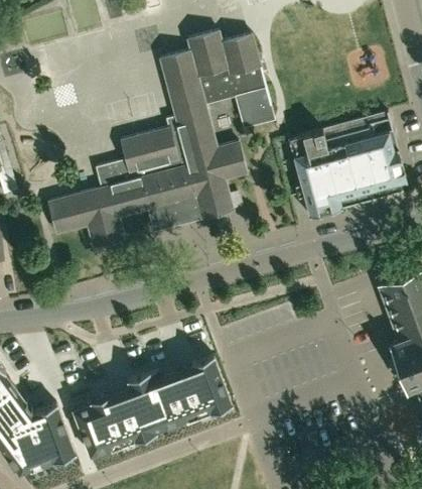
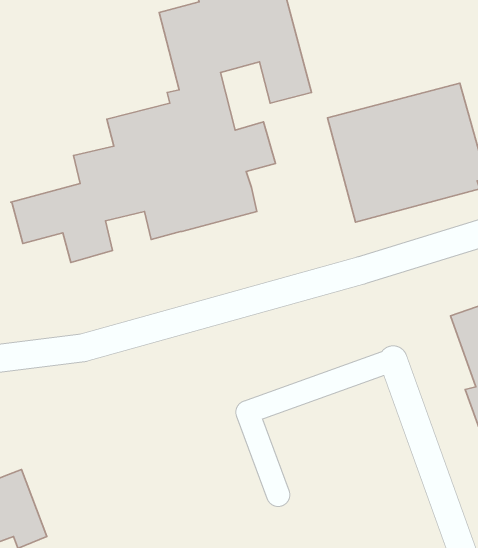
building: [73,355,232,456] -> none

